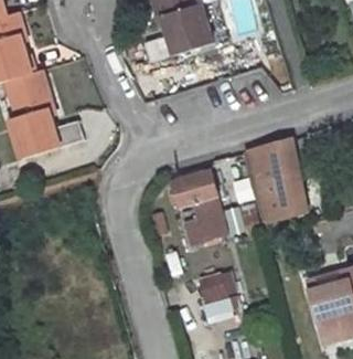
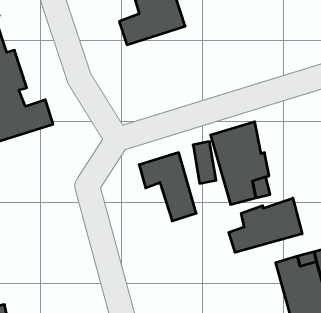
building: none -> [229,198,302,252]
building: [189,272,236,324] -> none

